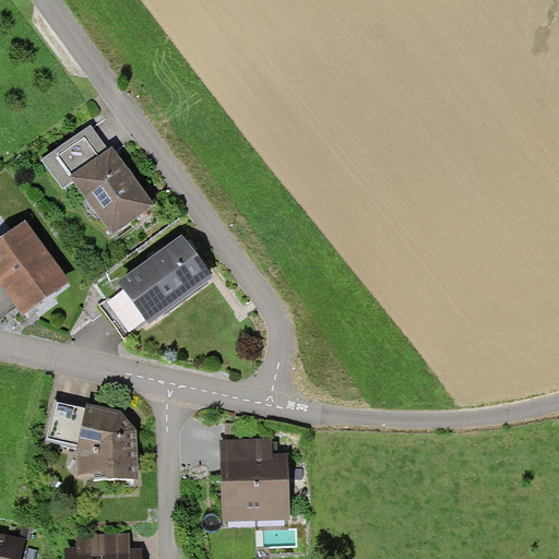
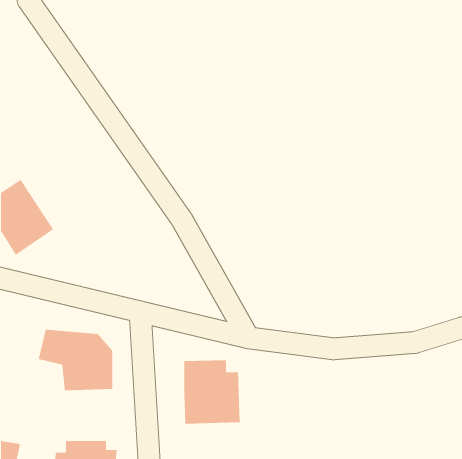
building: [43,127,152,234] -> none
building: [104,238,210,336] -> none

